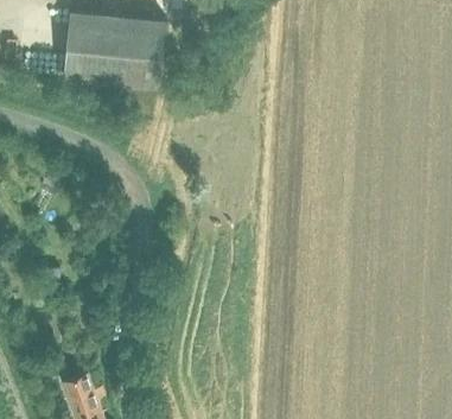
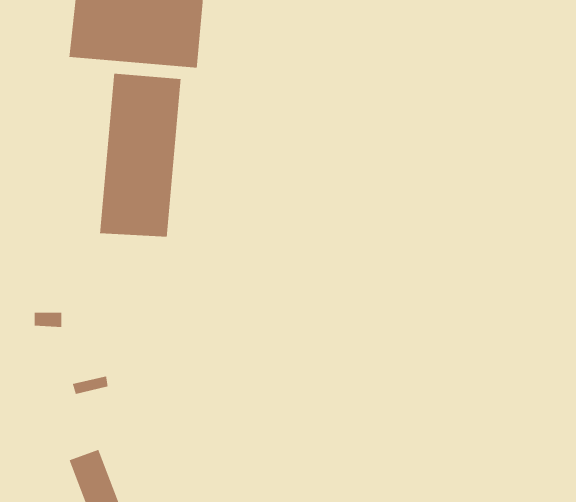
building: none -> [99,73,181,238]

